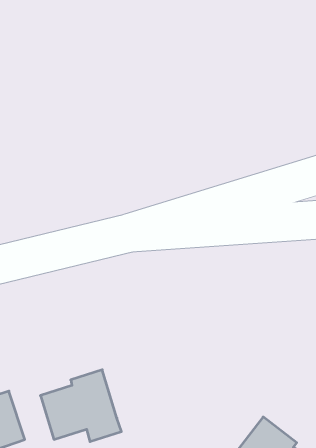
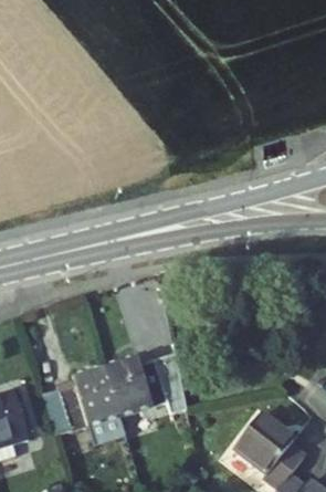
building: none -> [105,349,189,414]

